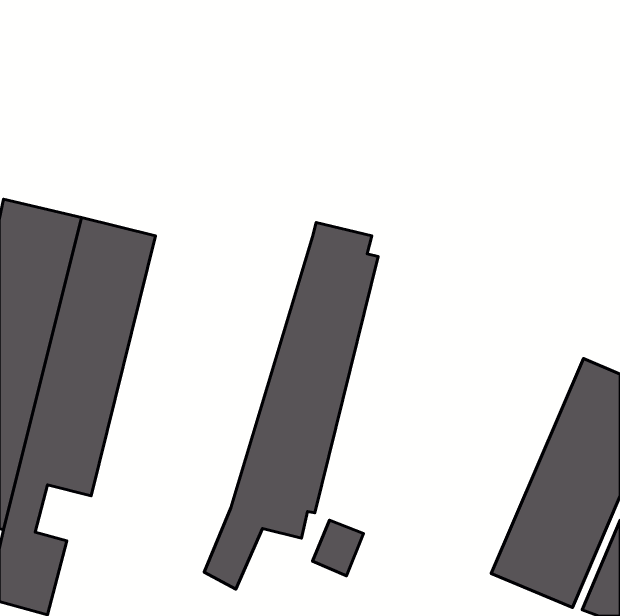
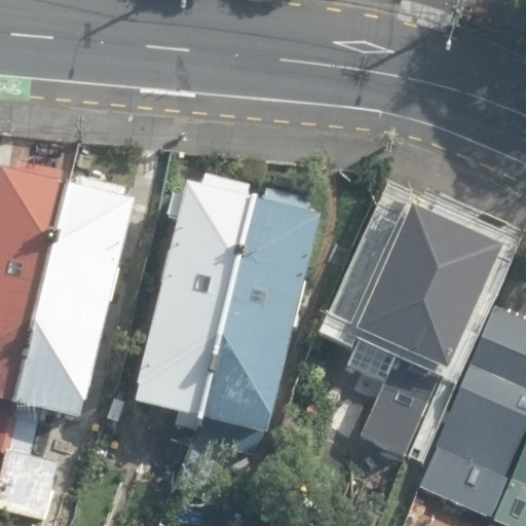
building: none -> [134,170,264,429]
building: none -> [347,201,504,455]

